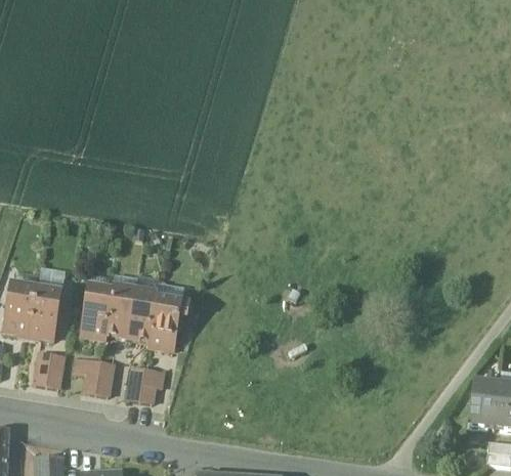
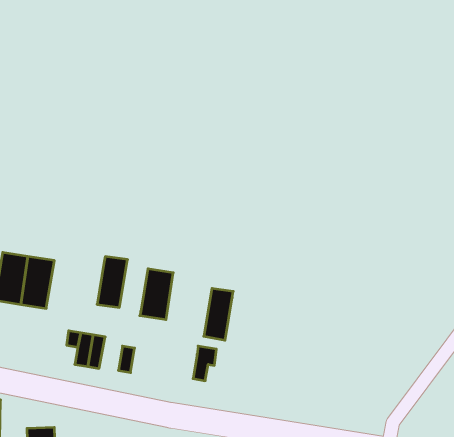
building: [80,284,113,336] -> none
building: [128,287,158,339] -> [204,288,233,340]
building: [35,352,65,387] -> none
building: [139,367,163,402] -> [193,346,216,381]

